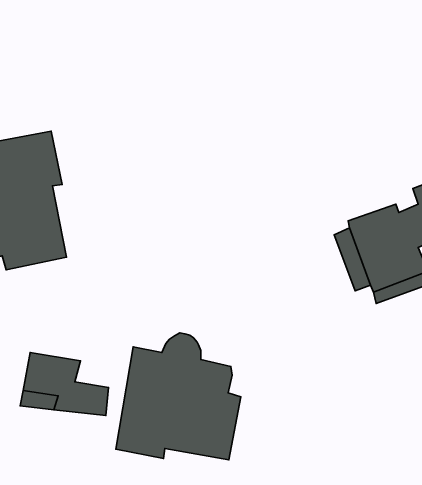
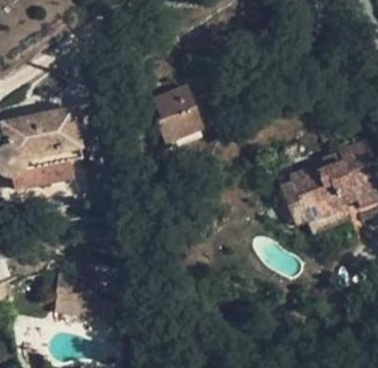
building: none -> [154,85,203,142]
building: [116,333,241,460] -> none

